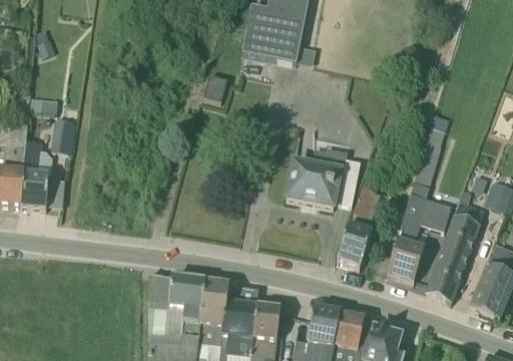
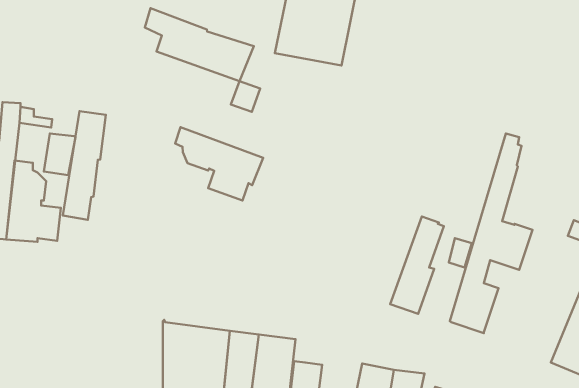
building: none -> [145,8,254,81]
building: none -> [63,111,106,220]
building: none -> [175,127,263,201]
building: [284,148,360,208] -> none
building: [425,199,484,301] -> none

